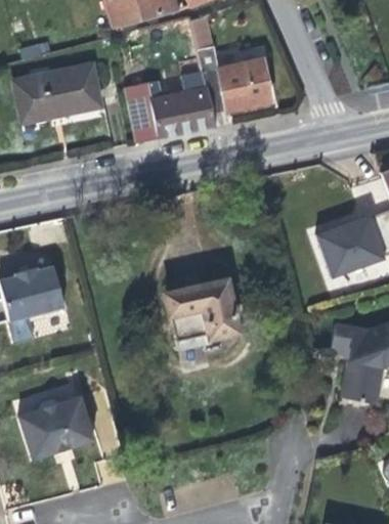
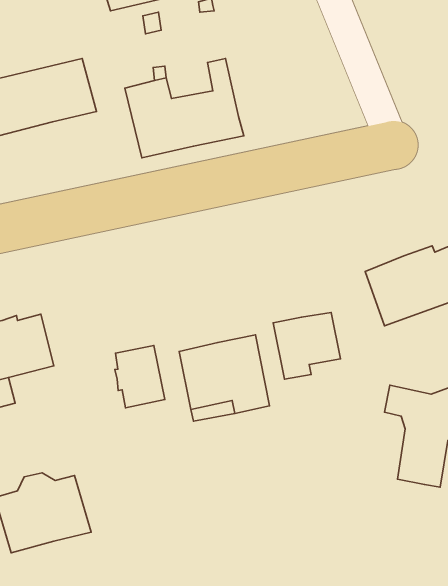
building: [199,43,273,110] -> none
building: none -> [273,312,341,379]
building: none -> [115,345,165,408]

